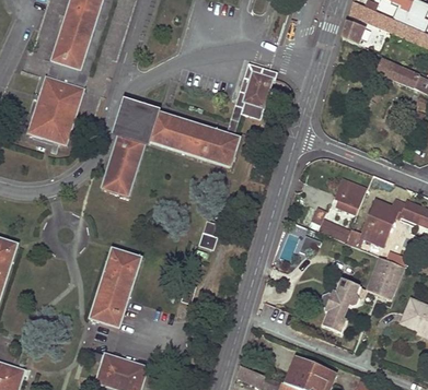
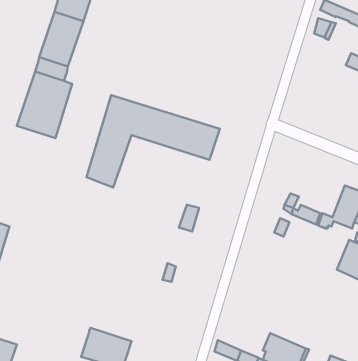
building: [241,64,277,110] -> none
building: [335,178,366,213] -> none
building: [88,247,141,328] -> none
building: [320,277,358,332] -> none

